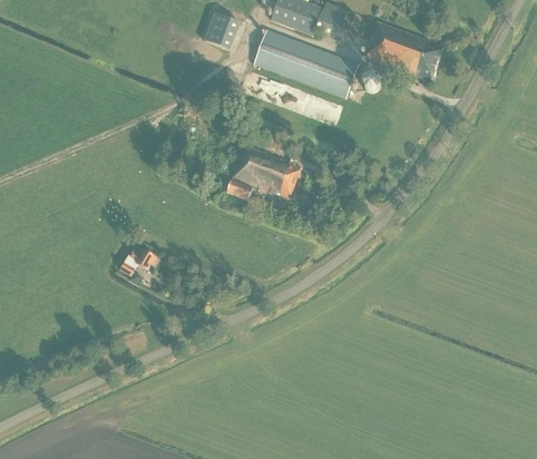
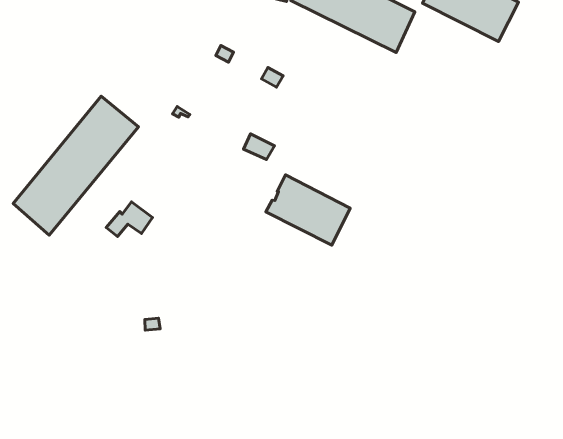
building: [231,145,301,199] -> [266,175,350,245]
building: none -> [13,96,139,235]

